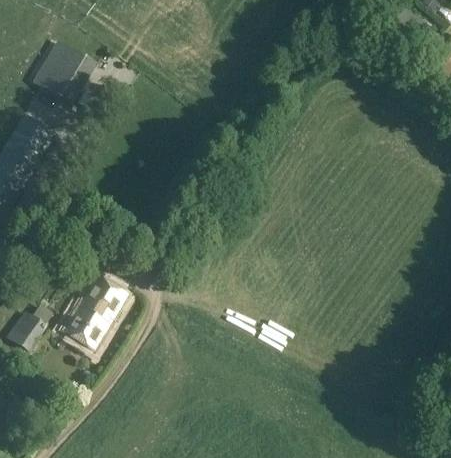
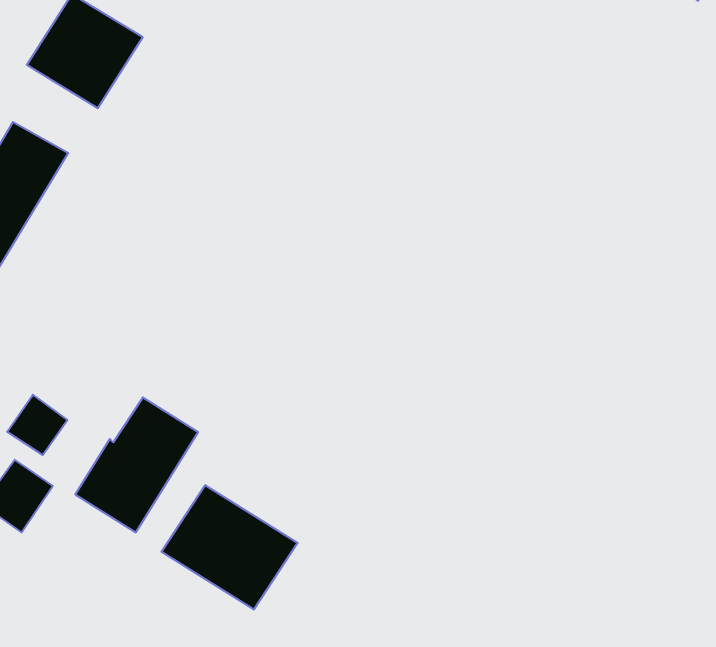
building: none -> [7,395,67,455]
building: none -> [161,485,298,610]

